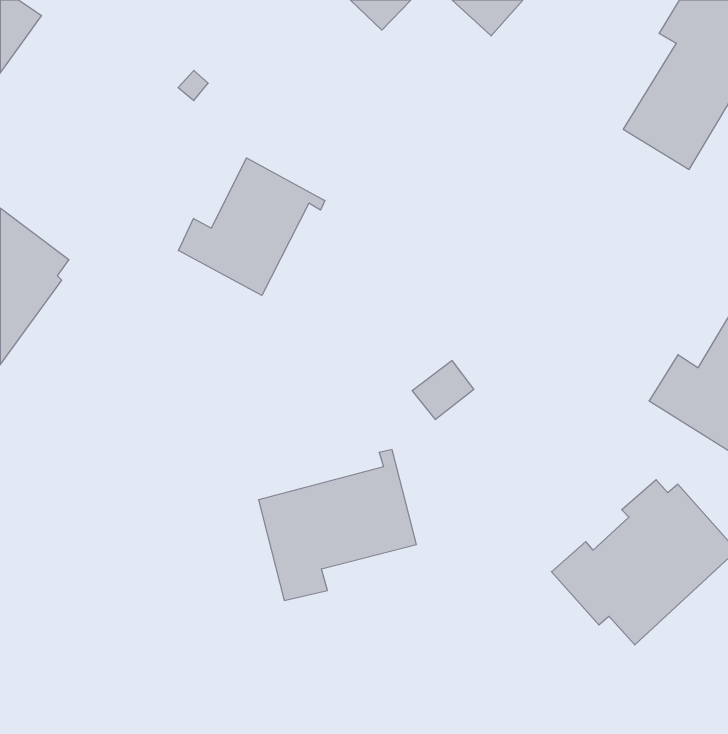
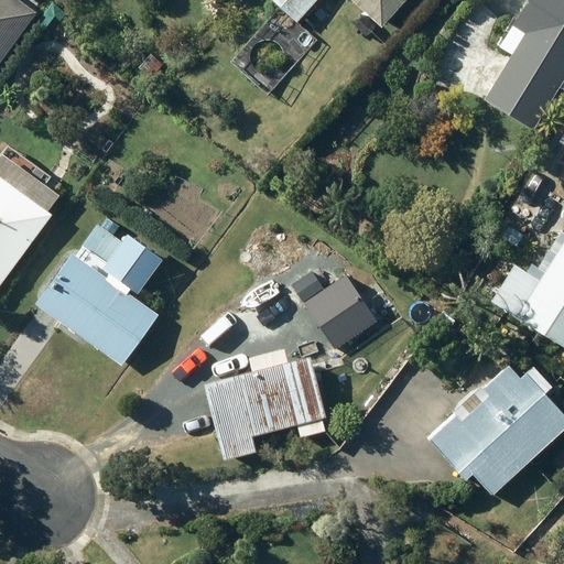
building: [178,158,325,295] -> none
building: none -> [35,213,162,364]

